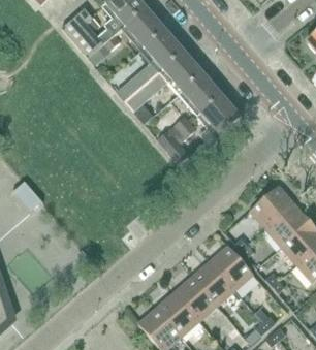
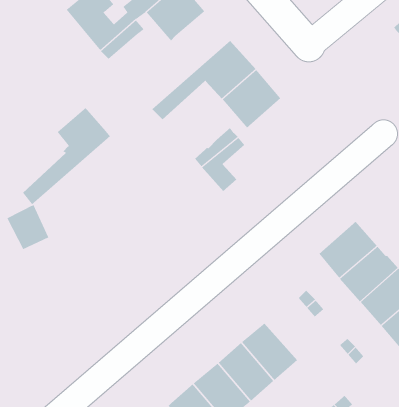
building: [118,28,184,101] -> [22,107,111,205]
building: [196,93,242,137] -> none
building: [210,245,253,289] -> none

